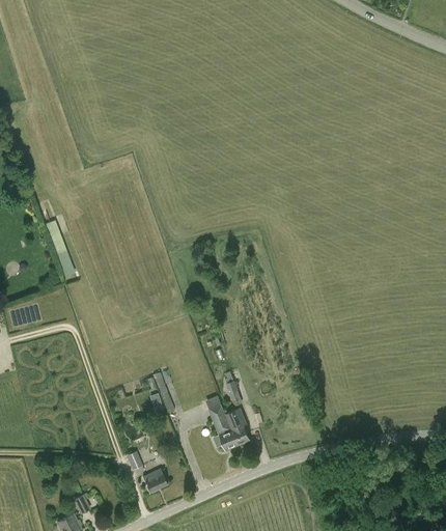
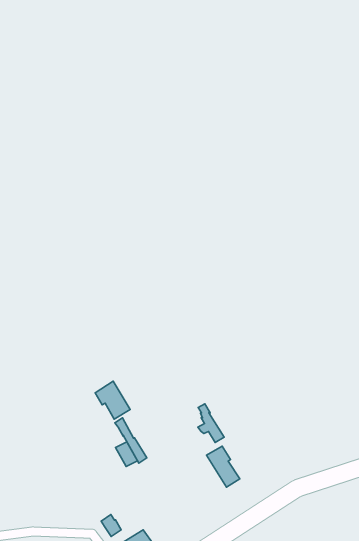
building: none -> [95,381,130,419]
building: [210,404,239,450] -> none

